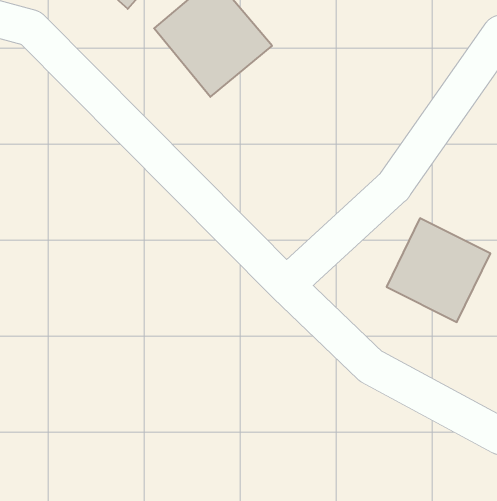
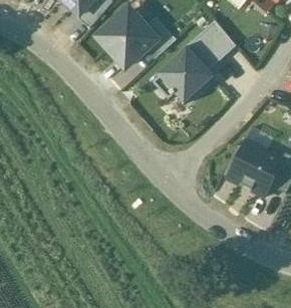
building: none -> [199,18,236,56]
building: none -> [158,44,214,101]

